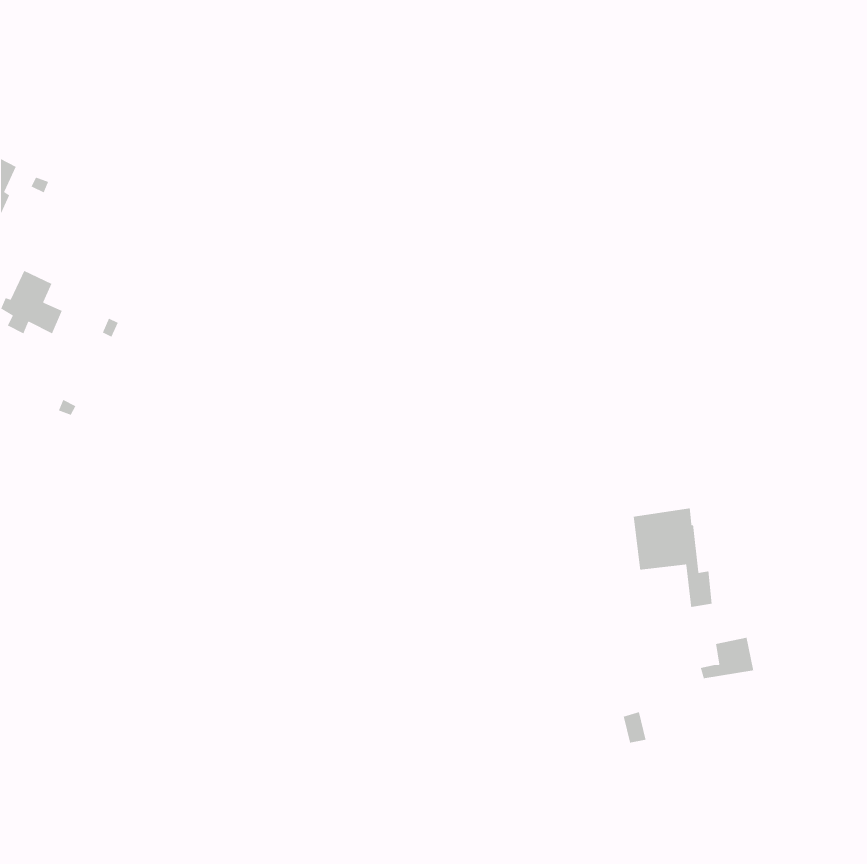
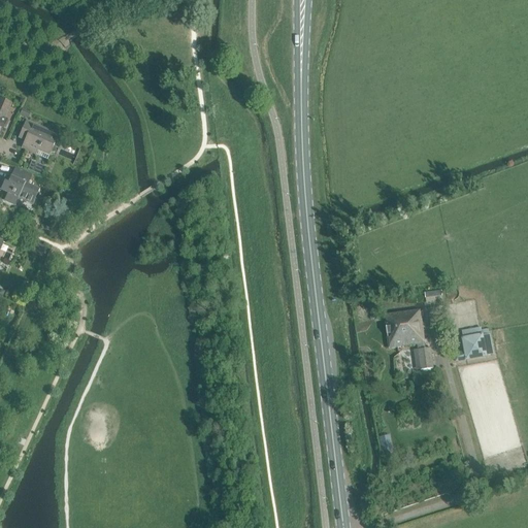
building: none -> [18,119,58,158]
building: [700,637,754,679] -> [454,334,487,360]

